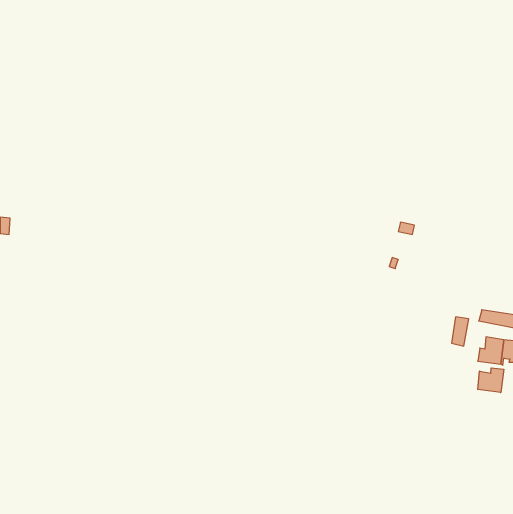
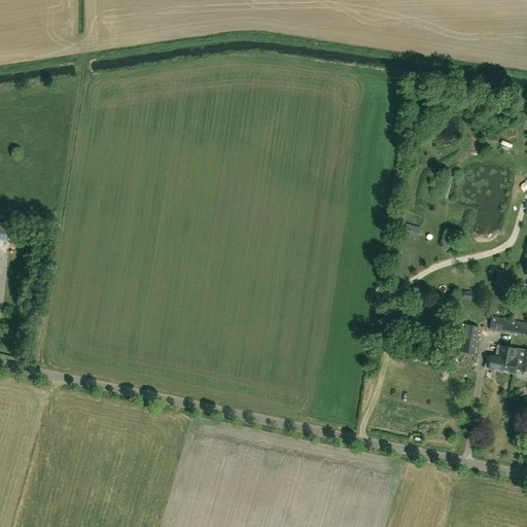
building: [478,368,504,393] -> none

